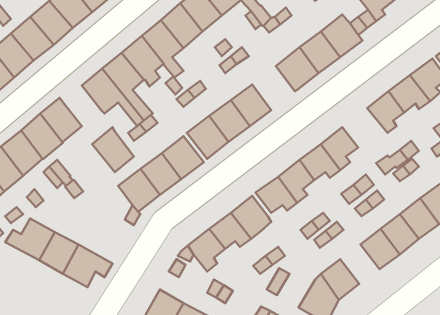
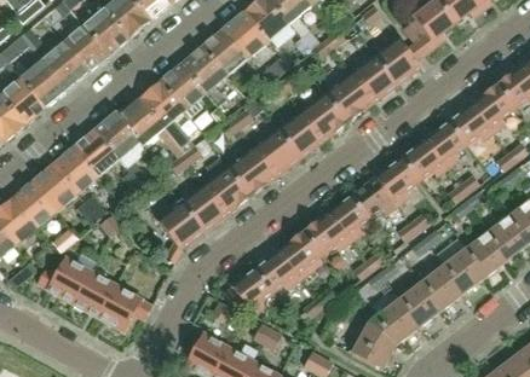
building: none -> [301,94,347,141]
building: none -> [402,139,447,179]
building: [92,127,134,172] -> [94,110,139,158]
building: none -> [396,285,438,327]

